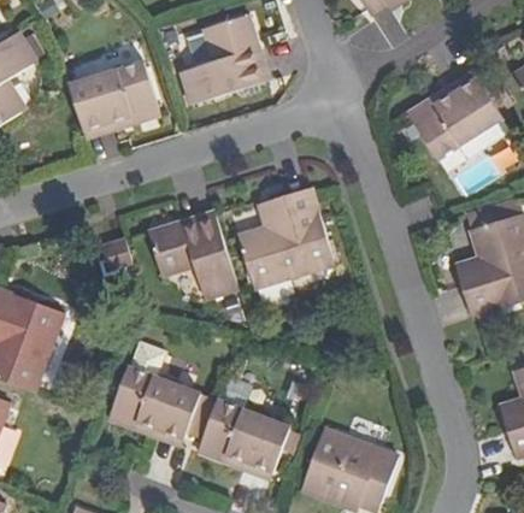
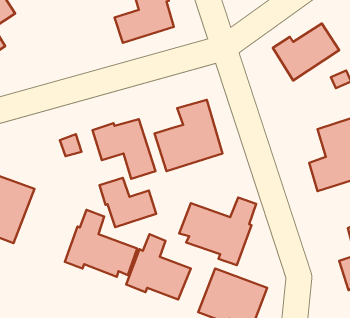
building: [69,60,160,129] -> none
building: none -> [99,178,156,227]
building: none -> [179,197,256,265]

